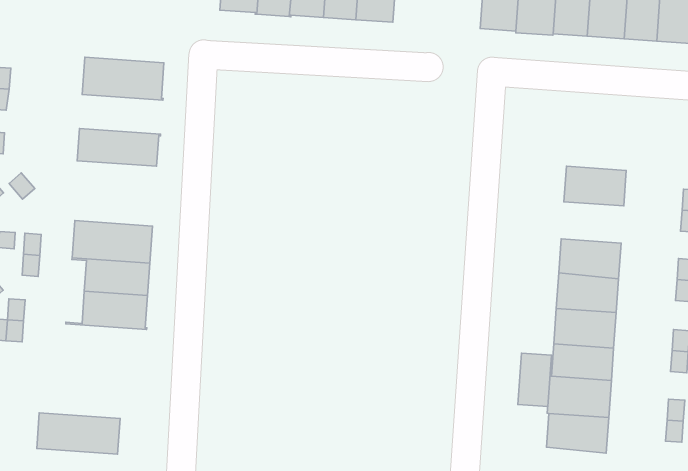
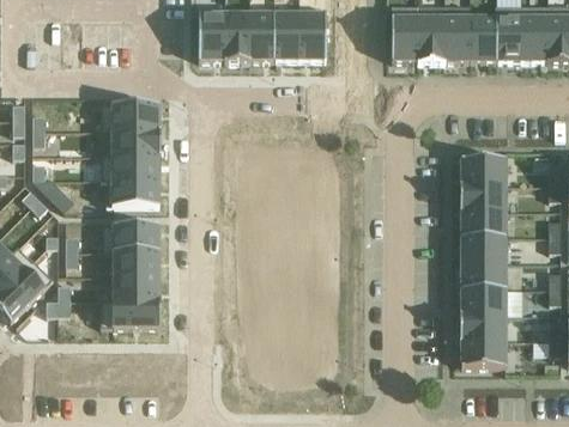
building: none -> [101,130,161,155]
building: none -> [101,179,159,207]
building: none -> [460,184,506,212]
building: [518,353,551,407] -> none
building: [37,413,120,454] -> [101,300,161,327]

